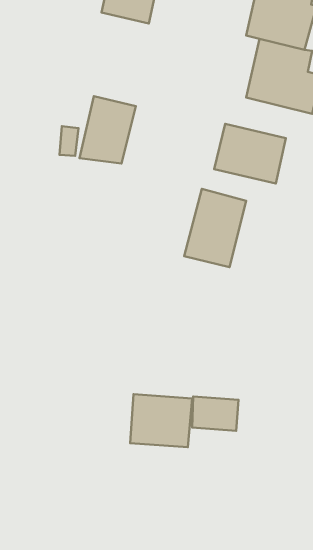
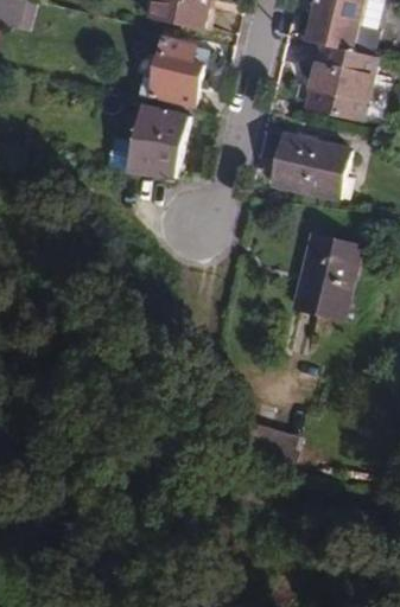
building: none -> [135,37,204,109]
building: [184,189,246,267] -> [293,235,360,319]
building: [130,394,192,447] -> none

